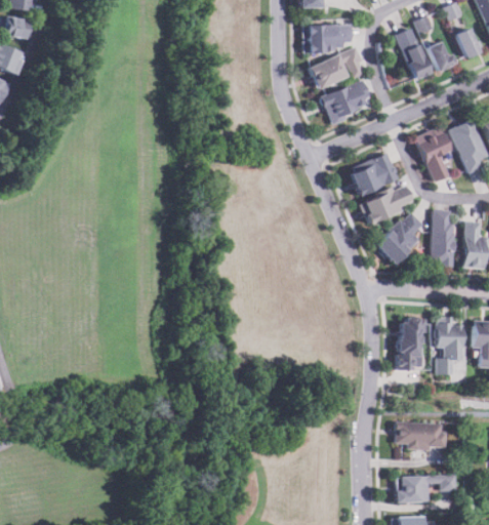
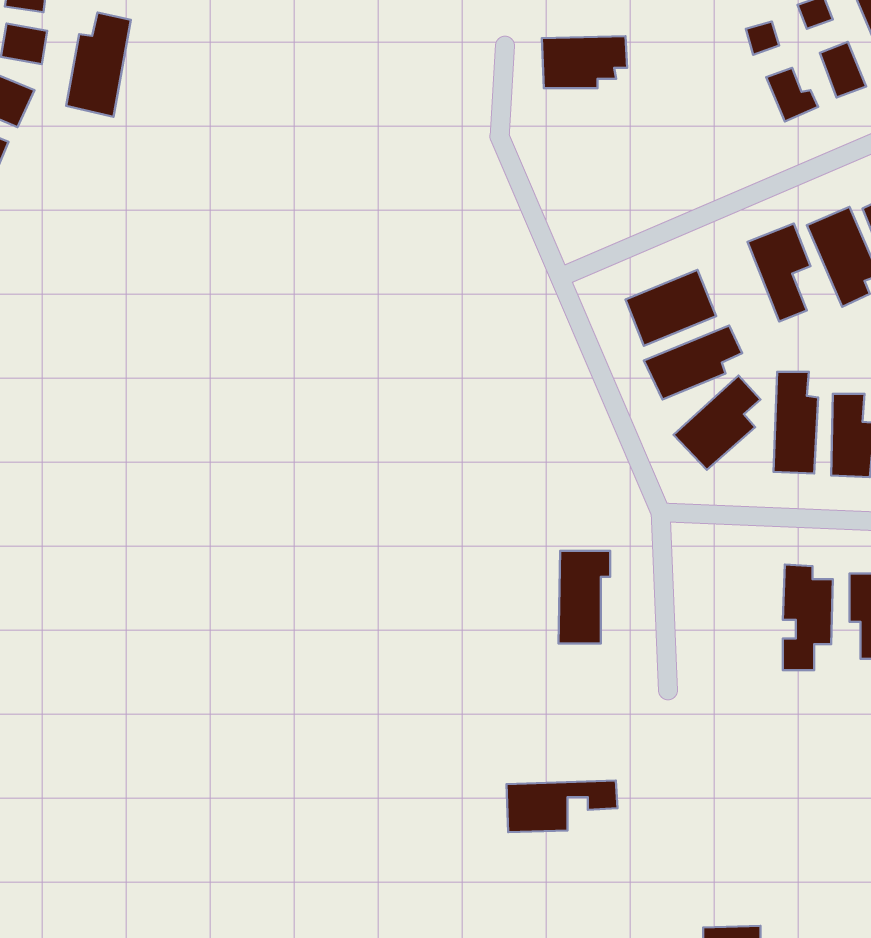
building: none -> [66,12,131,117]
building: [399,30,436,82] -> none
building: [309,46,364,88] -> none
building: [321,82,370,125] -> none
building: [398,318,426,369] -> [558,551,610,643]
building: [395,421,445,449] -> none
building: [396,474,457,502] -> [506,780,618,832]

